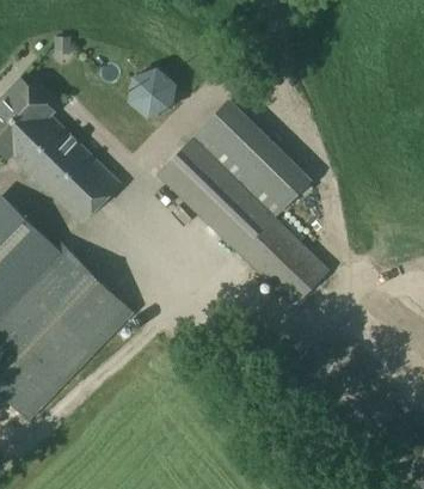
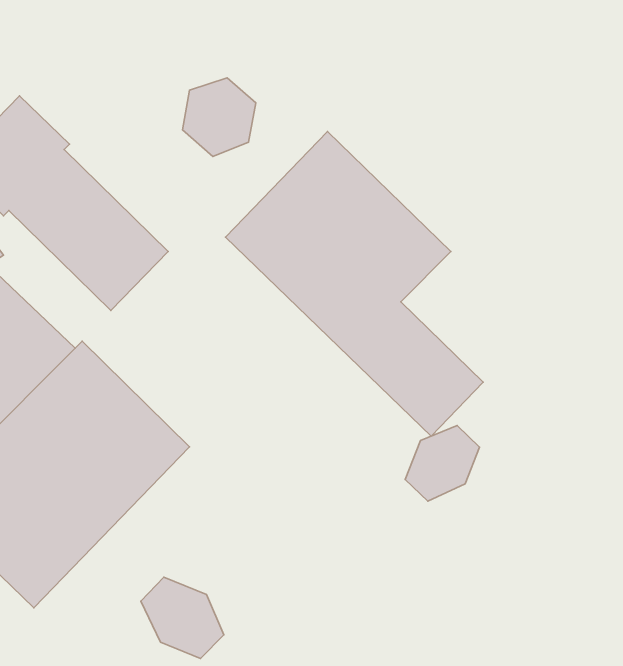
building: none -> [405,425,479,501]
building: none -> [141,577,224,659]

